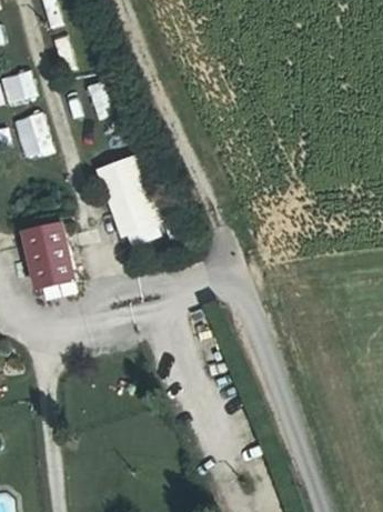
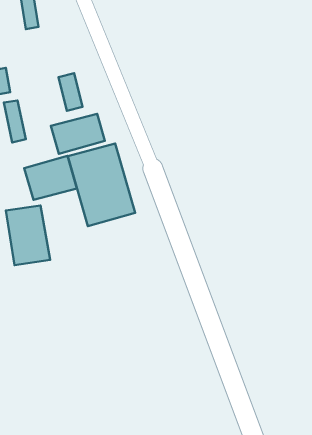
building: none -> [51,114,105,154]
building: none -> [24,156,77,200]

